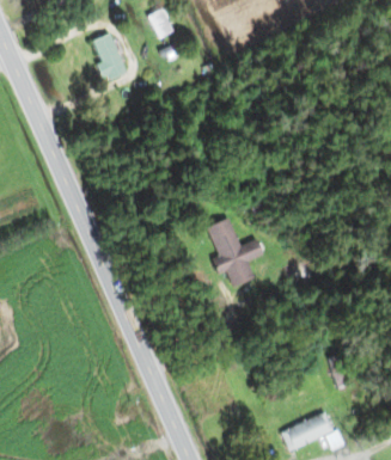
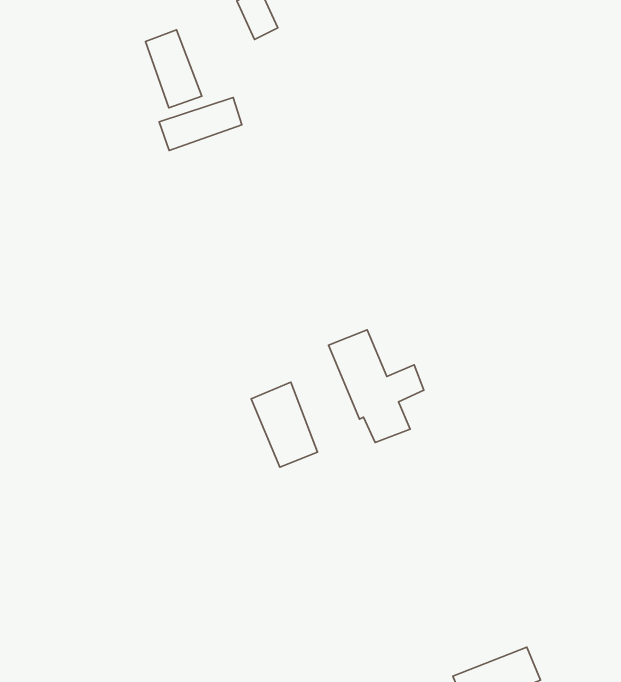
building: none -> [159,97,242,151]
building: none -> [251,382,318,467]

